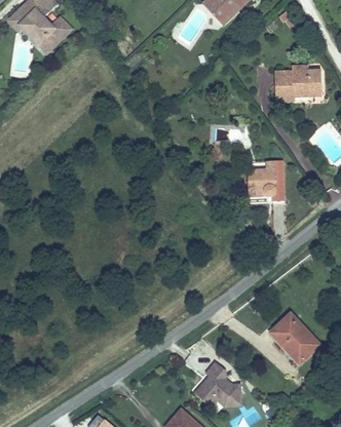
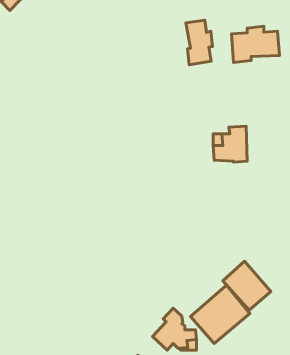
building: none -> [186,20,213,65]
building: none -> [191,285,250,344]

